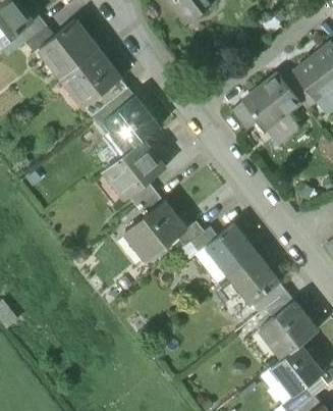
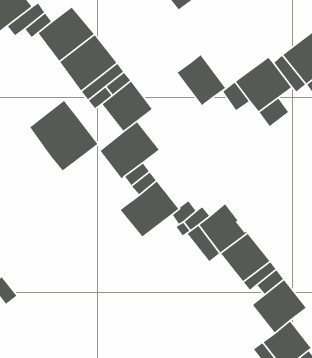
building: none -> [177,54,226,106]
building: none -> [29,100,99,172]

